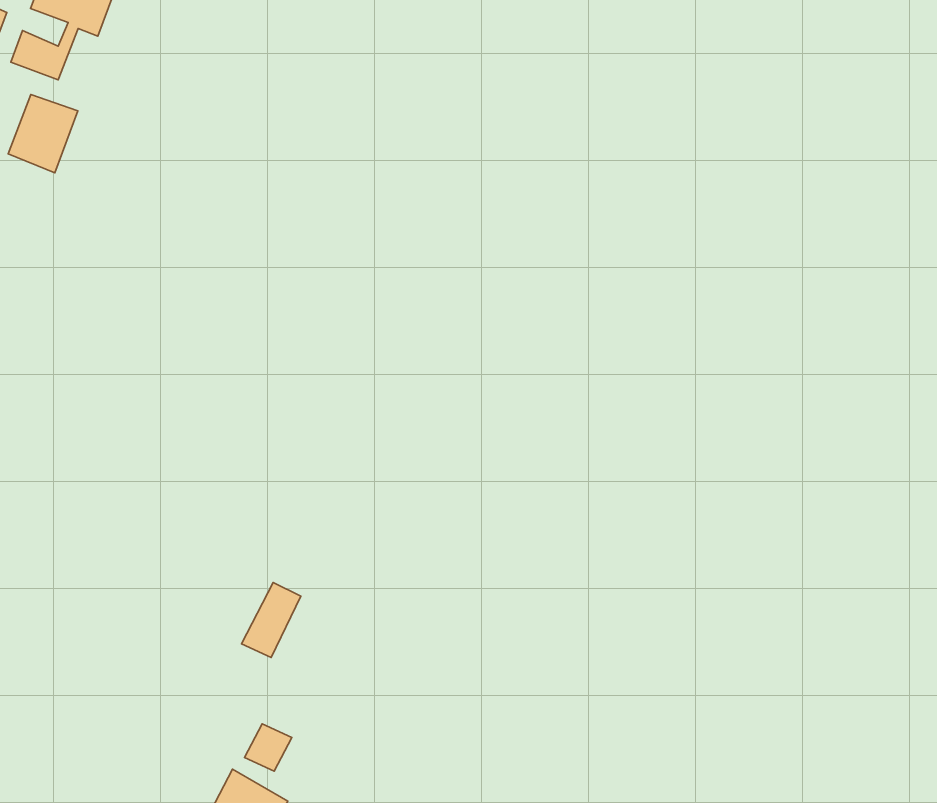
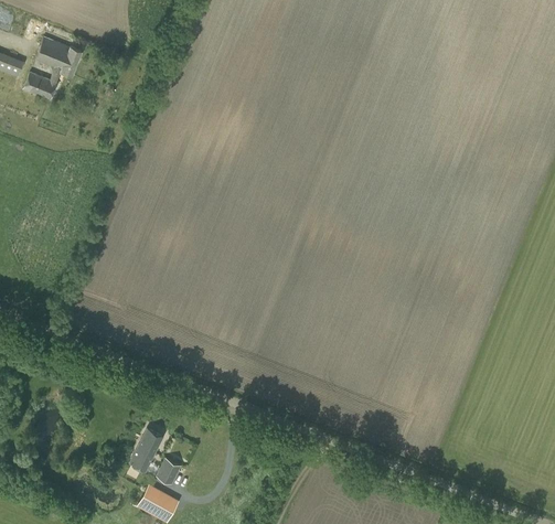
building: [8,94,78,173] -> none
building: [241,582,301,658] -> [129,427,162,469]

